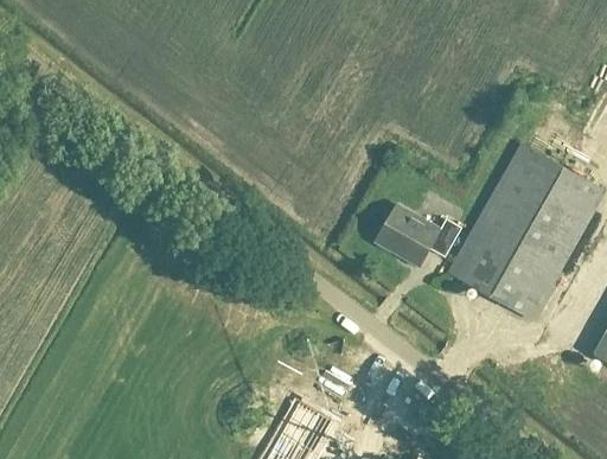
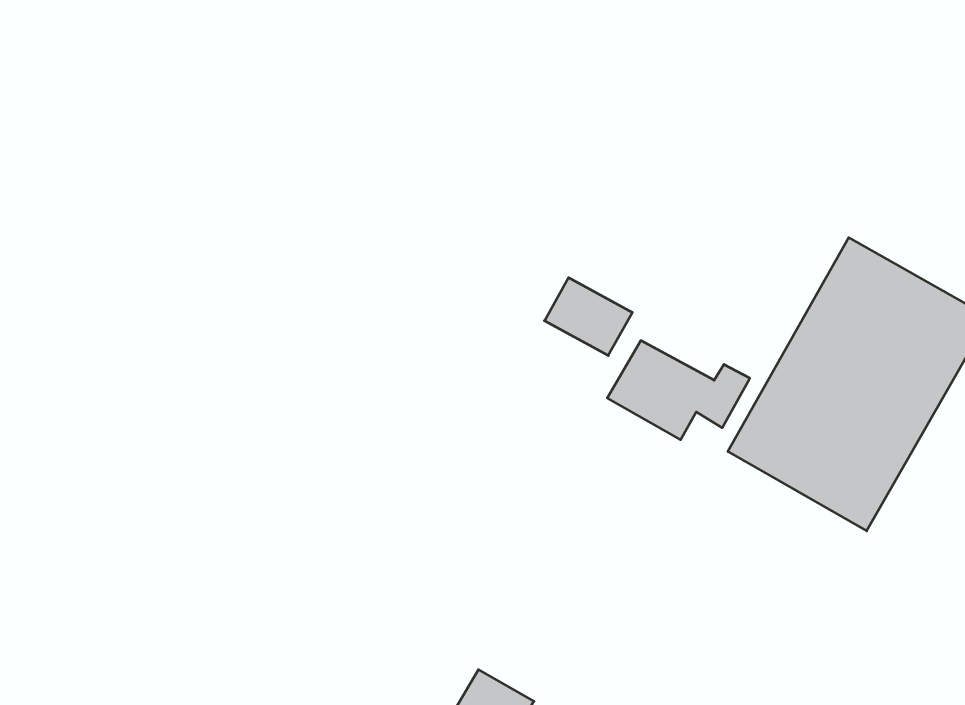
building: none -> [544,278,632,356]

